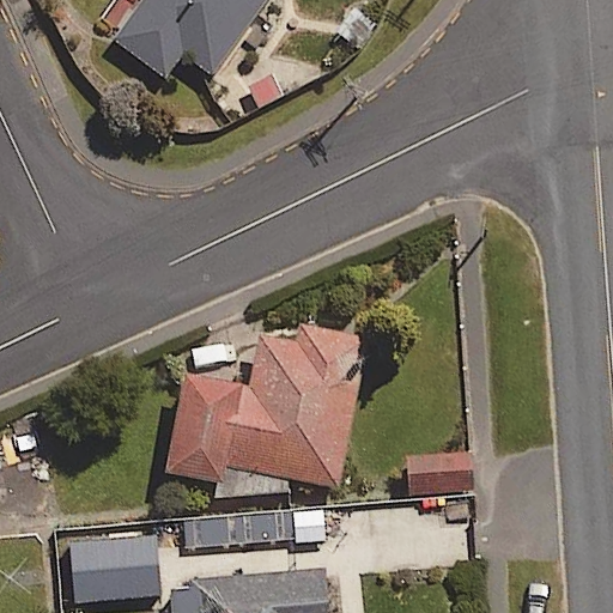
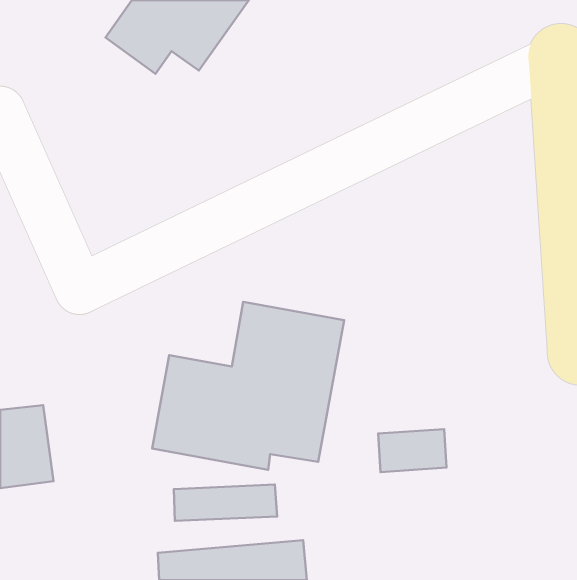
building: [67,535,163,602] -> none

